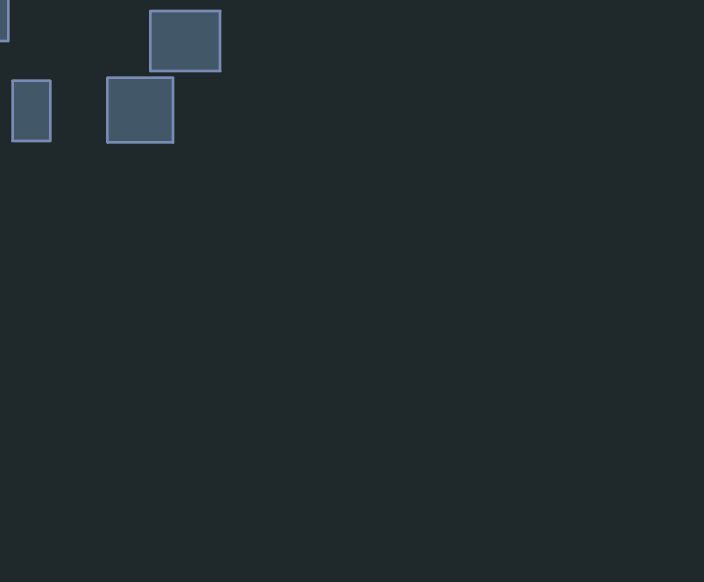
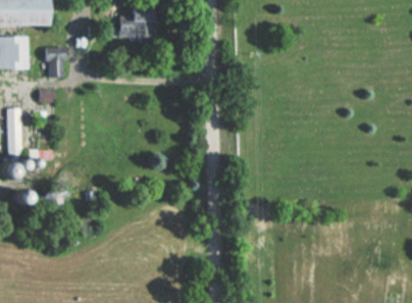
building: [108,78,173,143] -> none

